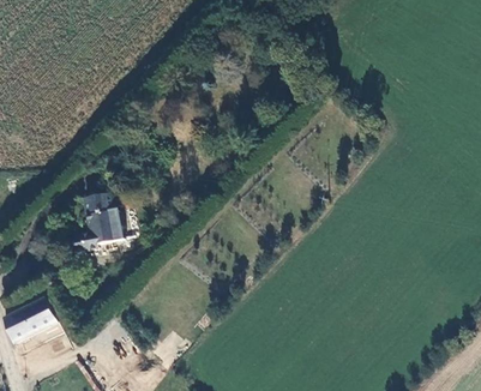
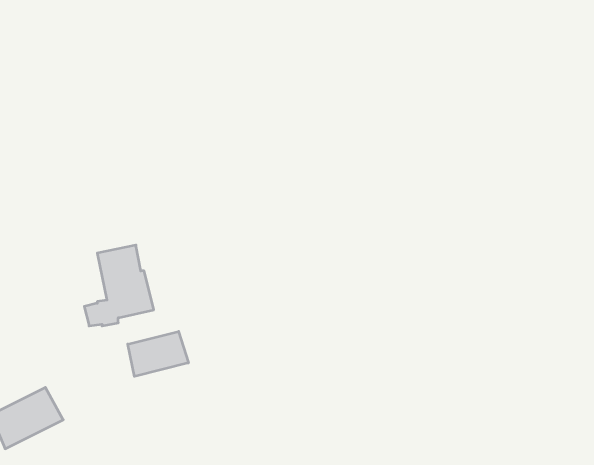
building: none -> [128,331,188,376]

